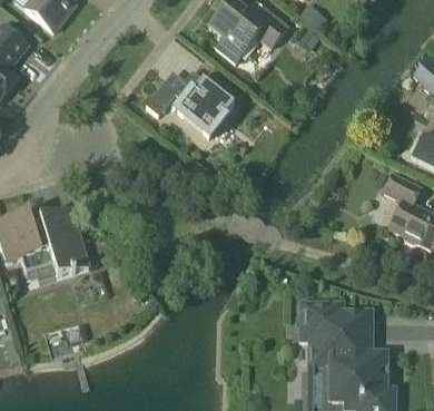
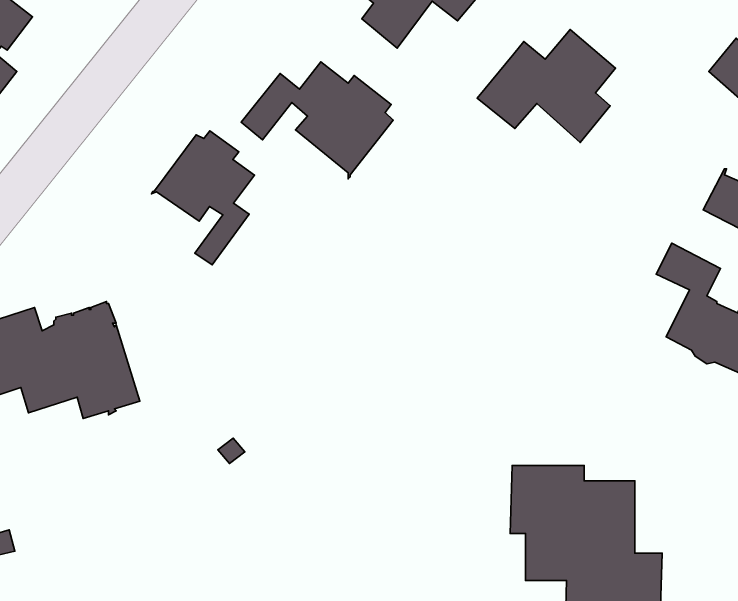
building: none -> [477,29,615,143]
building: none -> [152,131,254,265]

